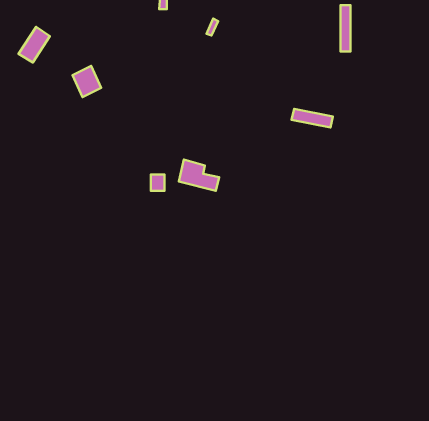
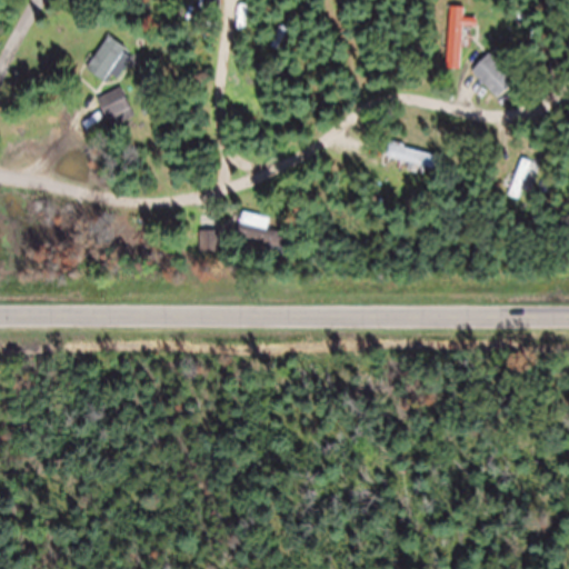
building: [19,27,50,62] -> [84,33,126,80]
building: none -> [471,52,516,97]
building: none -> [511,158,542,198]

